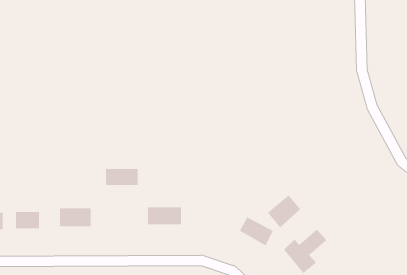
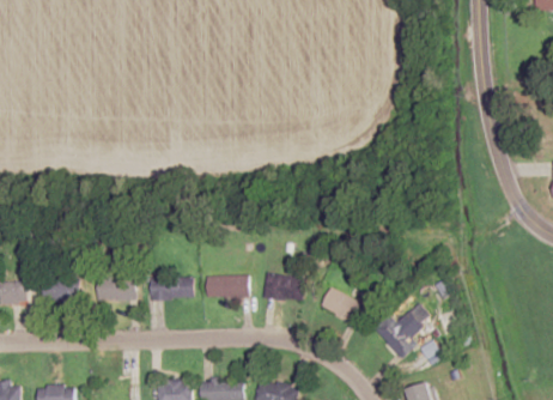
building: [105,168,139,186] -> [150,278,192,299]
building: [267,194,301,228] -> none
building: none -> [262,273,304,302]

